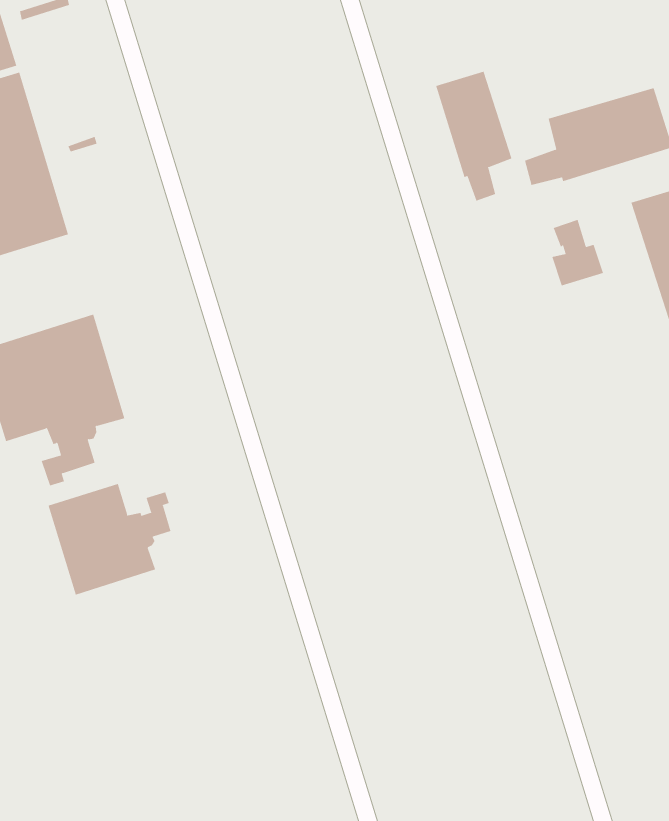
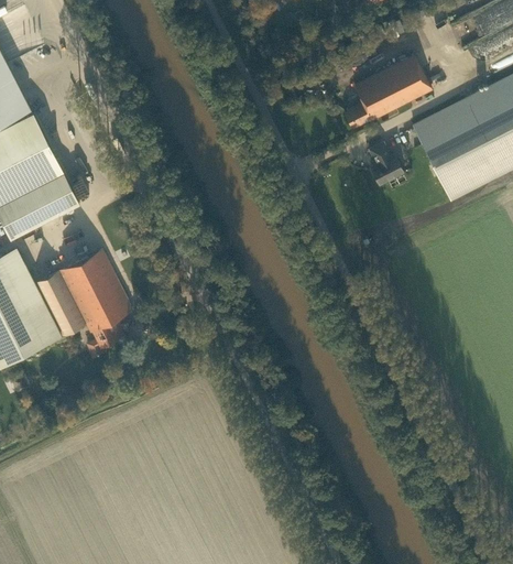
building: [436,71,512,201] -> none
building: [48,483,171,596] -> none

